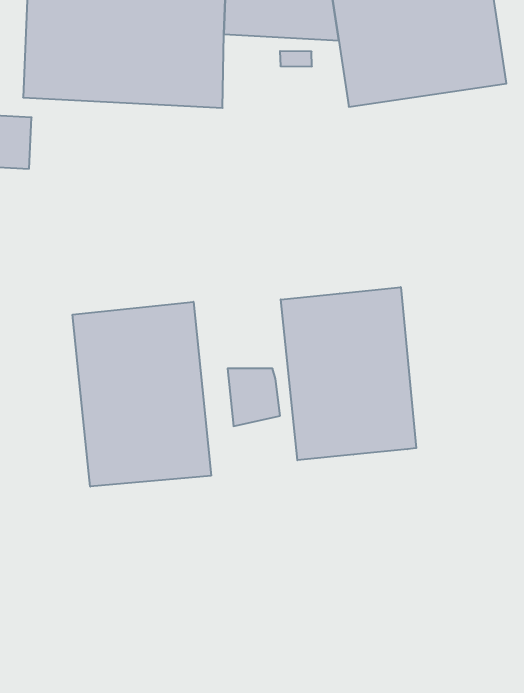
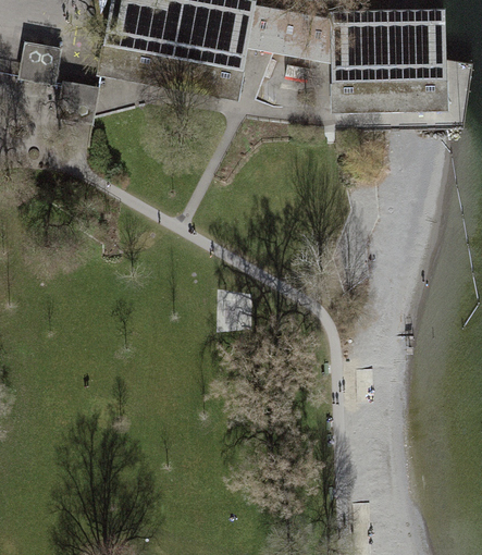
building: [281,287,416,460] -> none
building: [73,302,211,487] -> none

